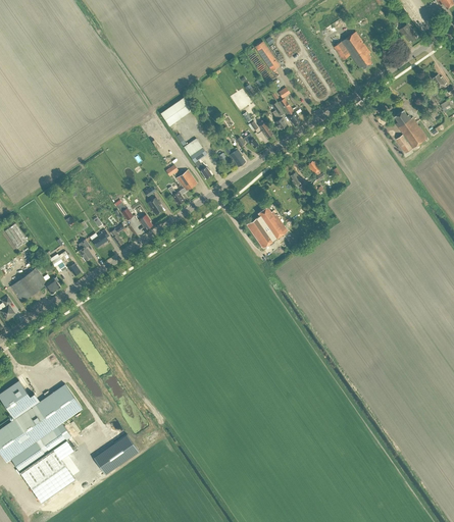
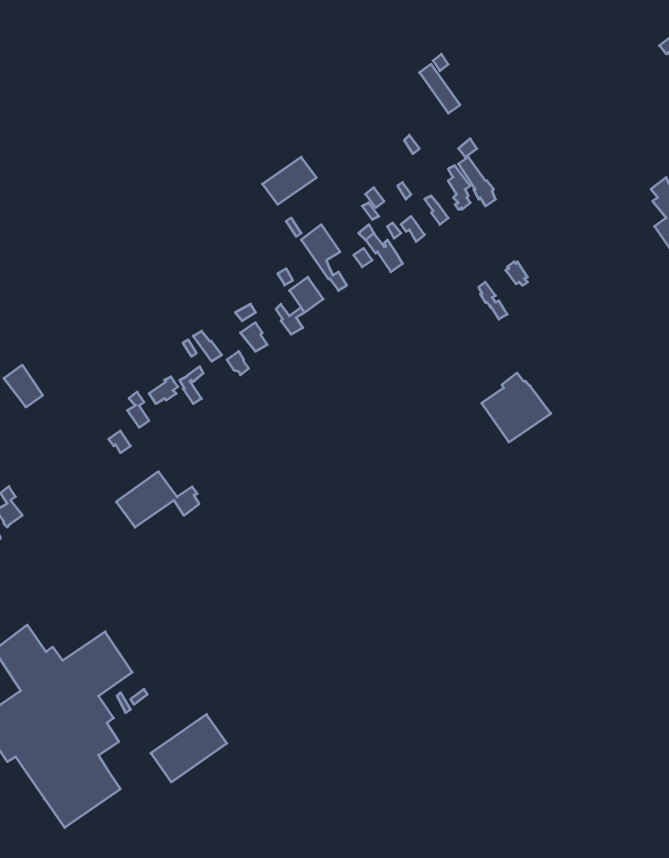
building: [335,32,373,69] -> none
building: [246,207,288,249] -> [482,373,551,442]
building: [10,268,60,302] -> [116,472,199,527]

